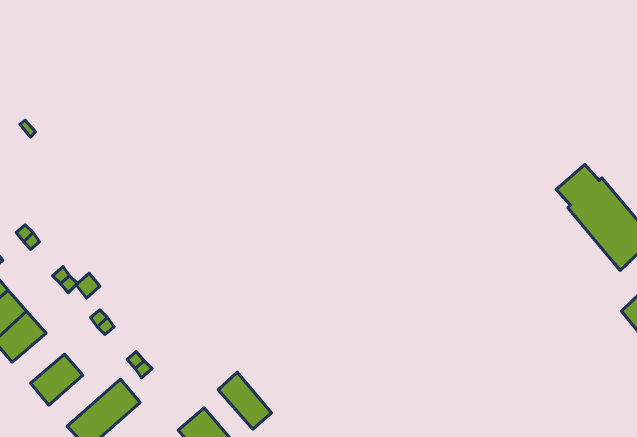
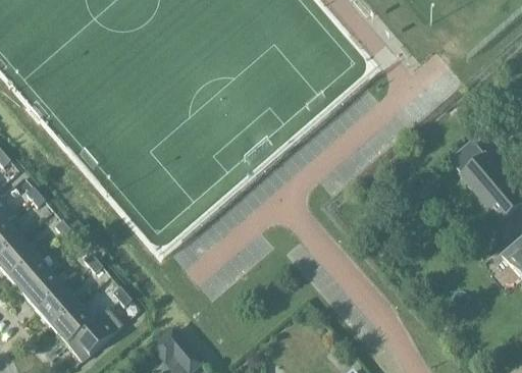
building: none -> [22,272,63,311]
building: [218,372,272,429] -> none
building: none -> [51,305,92,344]

